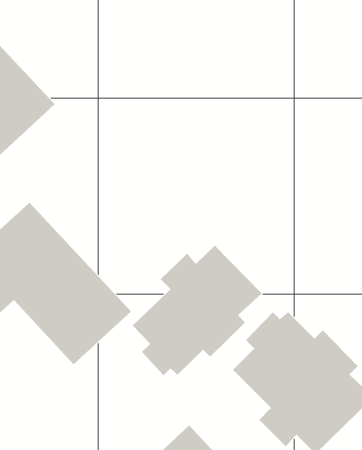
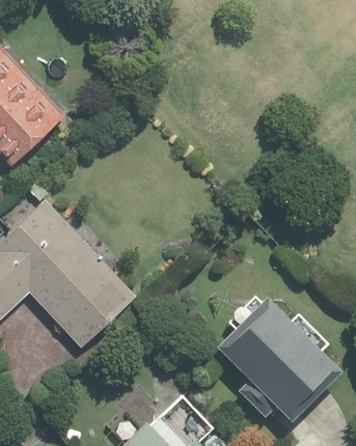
building: [132,245,262,376] -> none

